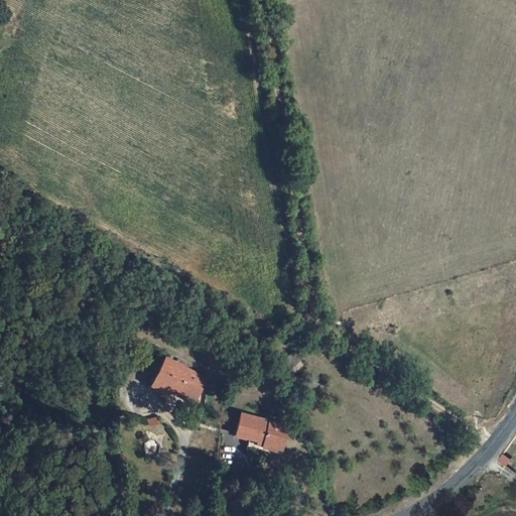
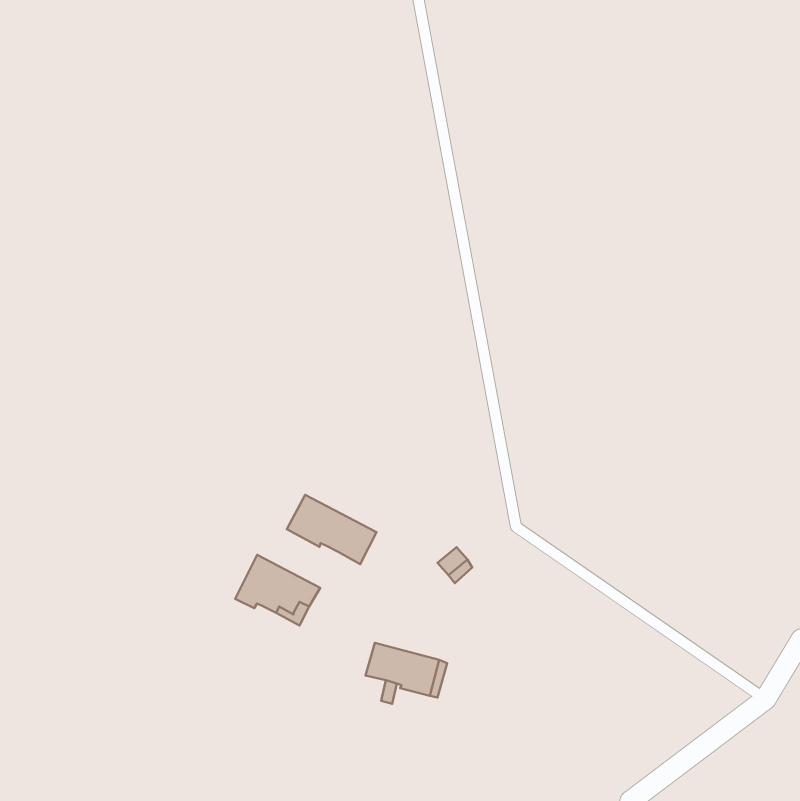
building: none -> [287,495,376,564]

